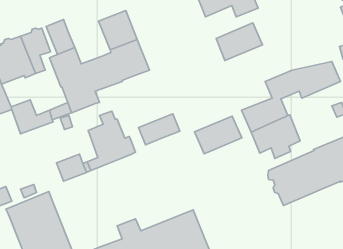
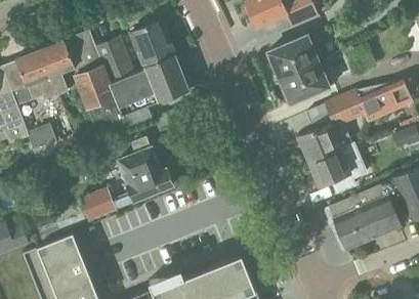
building: none -> [95,37,134,82]
building: [138,114,180,145] -> none
building: [195,116,242,154] -> [278,59,333,103]

